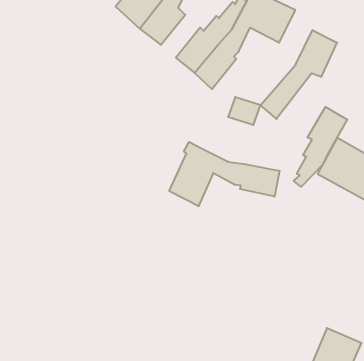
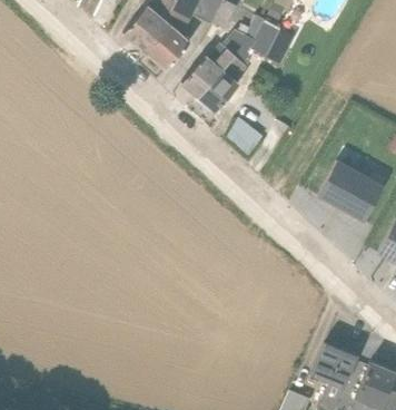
building: [261,30,337,119] -> none
building: [294,107,347,187] -> none
building: [169,142,280,206] -> none

